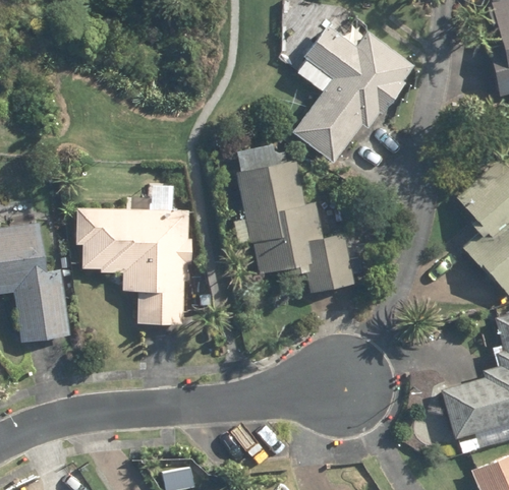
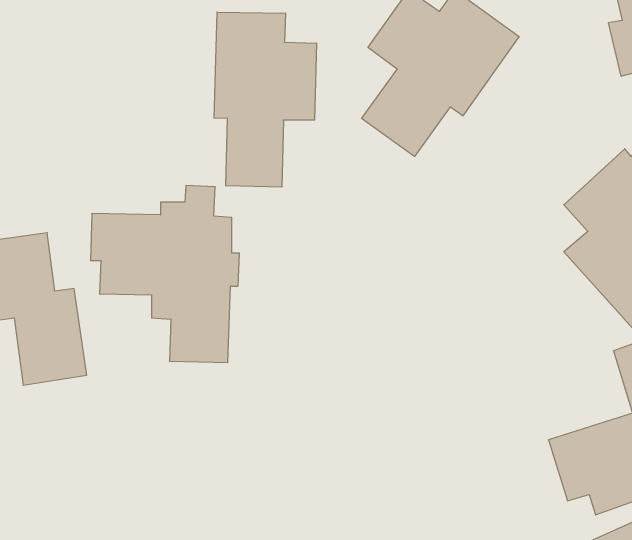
building: none -> [214,12,317,187]
building: [237,142,354,294] -> none

